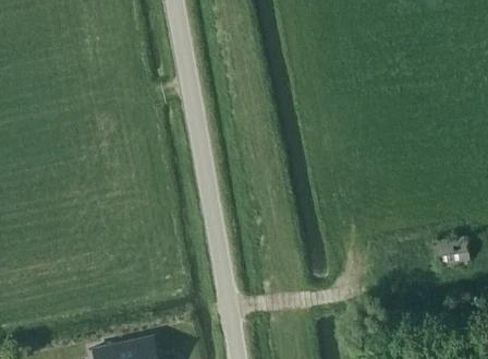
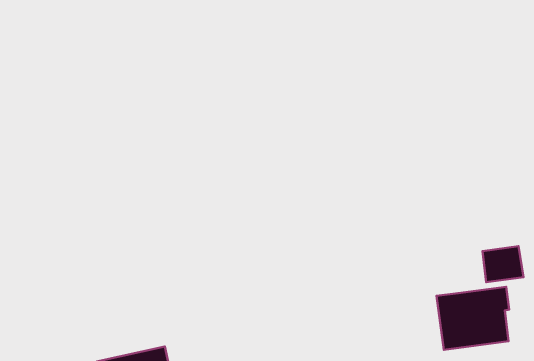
building: none -> [437,287,509,350]

